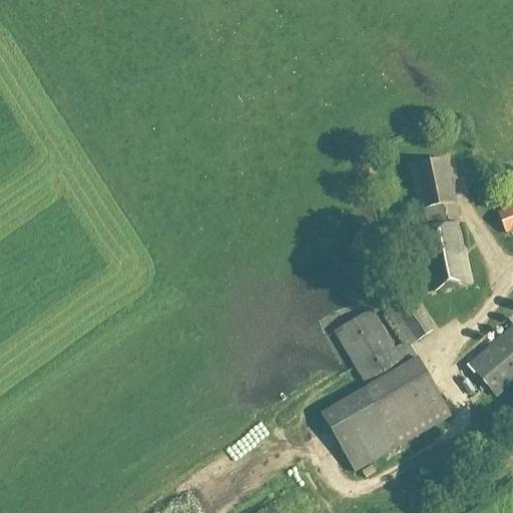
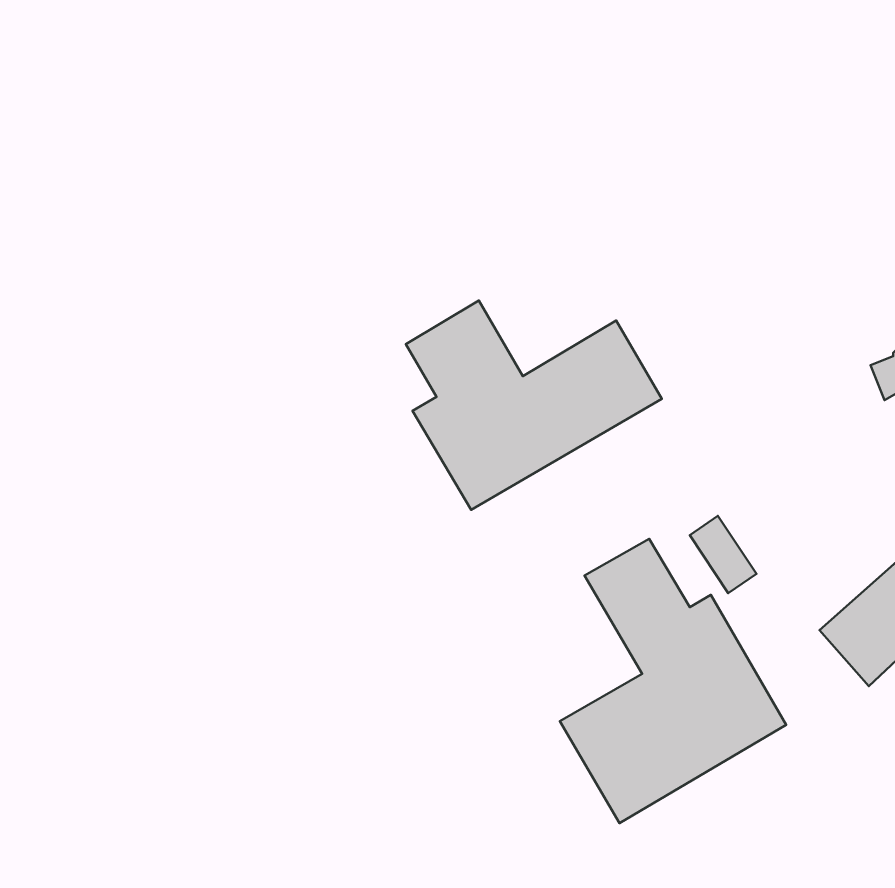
building: [412,155,472,288] -> none
building: none -> [406,300,662,510]

